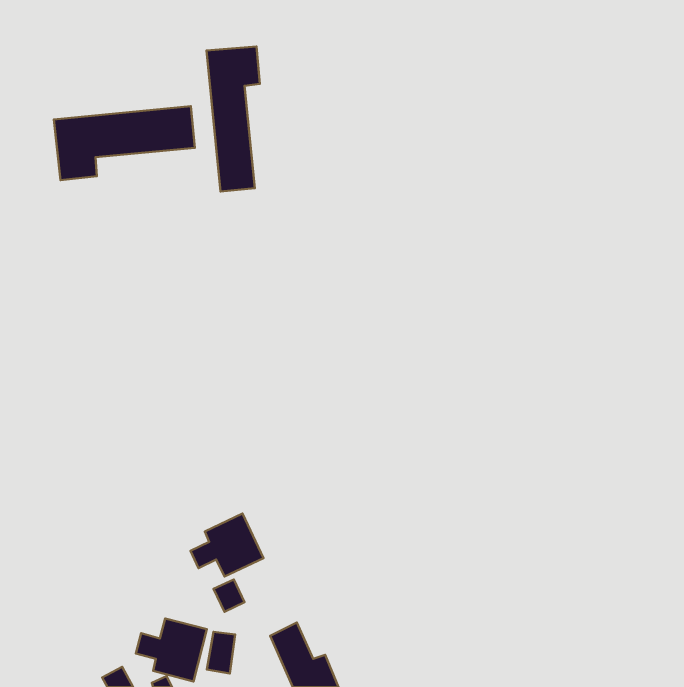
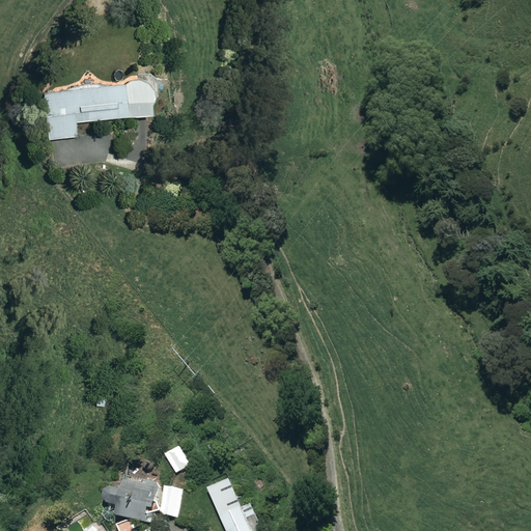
building: [207,47,260,191] -> none
building: [190,513,263,577] -> none

